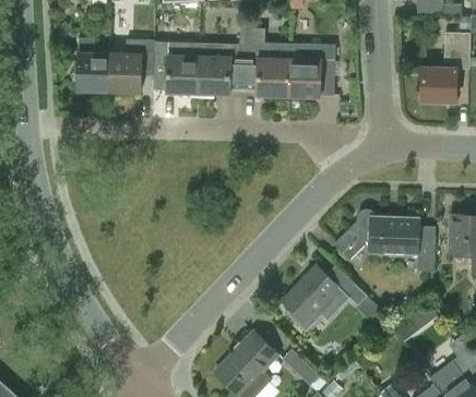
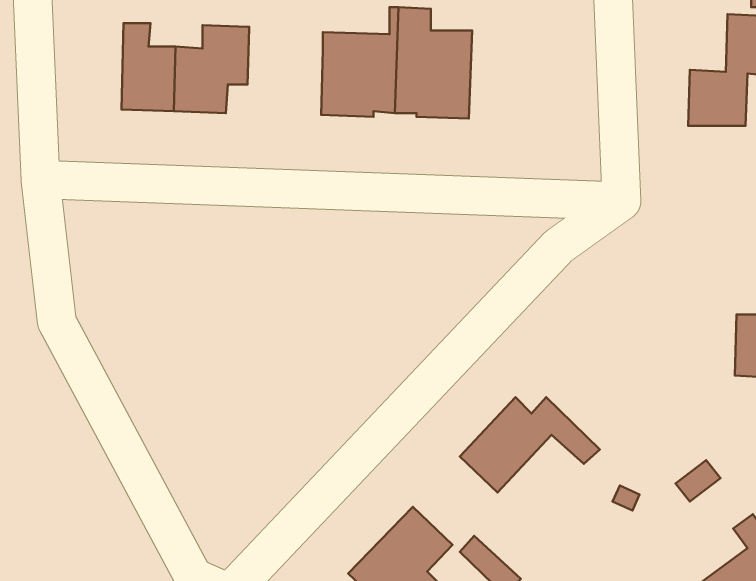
building: [154,41,200,94] -> none
building: [288,43,335,97] -> none
building: [335,209,436,272] -> none

